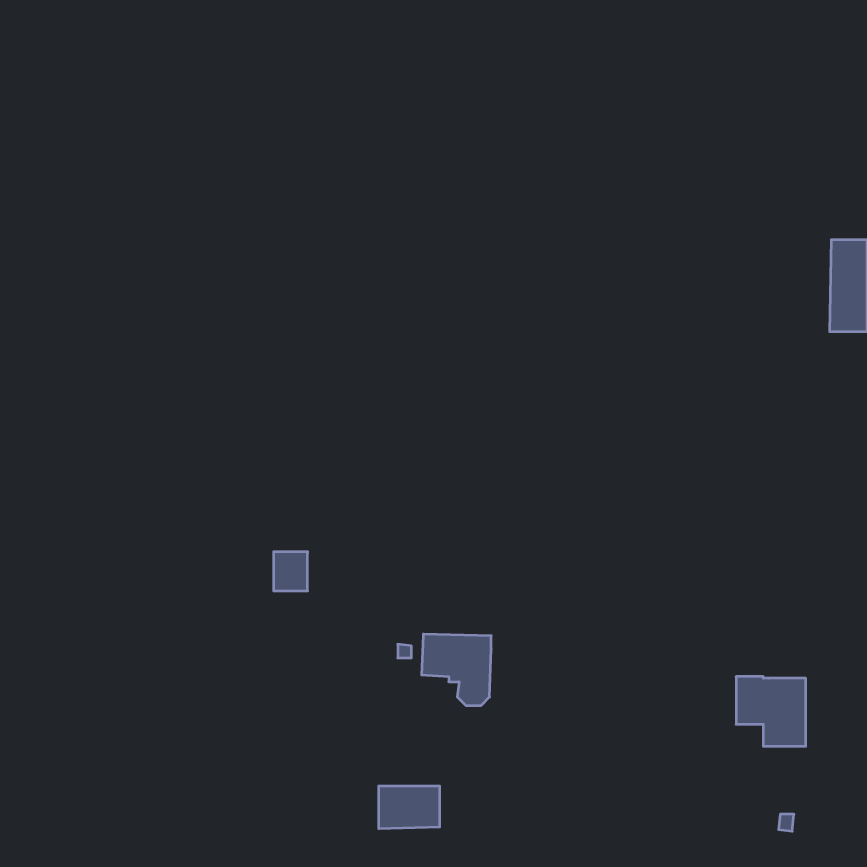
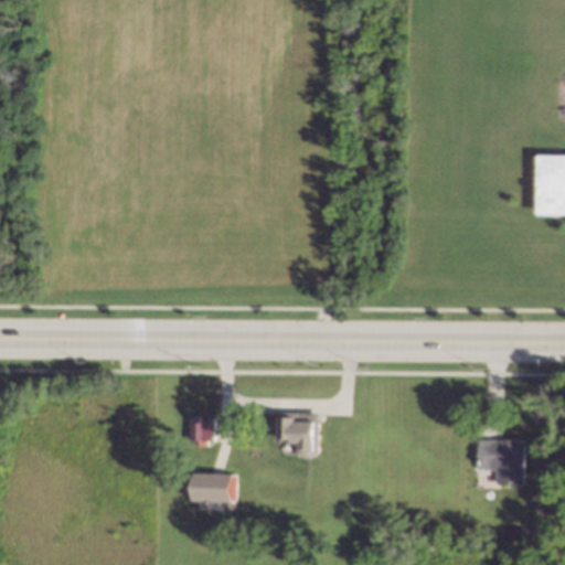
building: [274,552,308,591] -> [190,417,212,443]
building: [379,786,440,829] -> [195,475,235,502]

